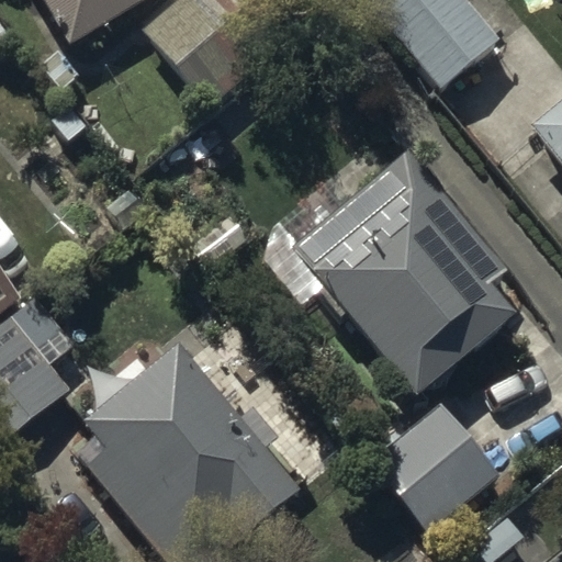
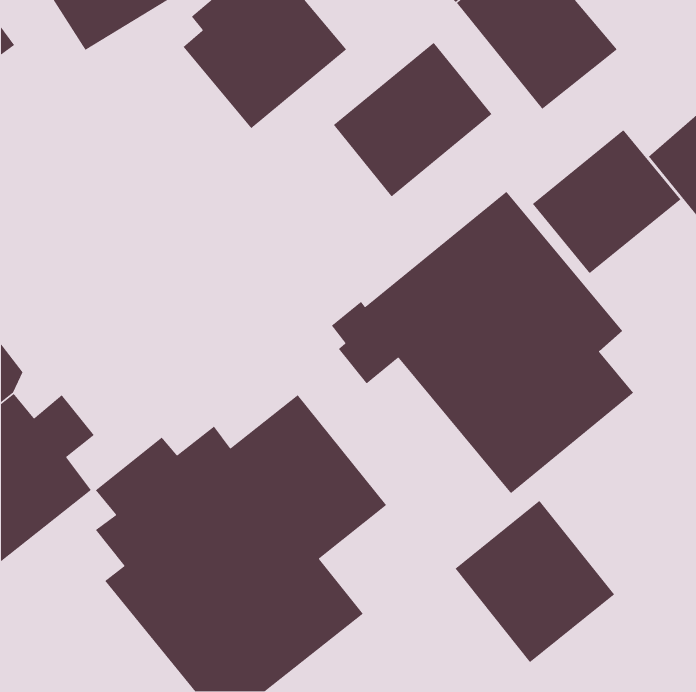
building: none -> [333,42,493,197]
building: none -> [532,129,681,274]

